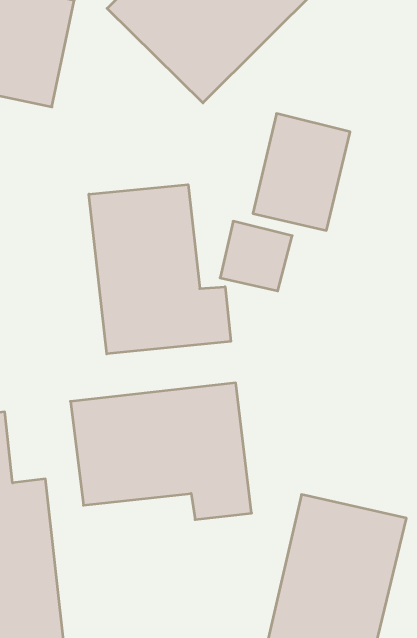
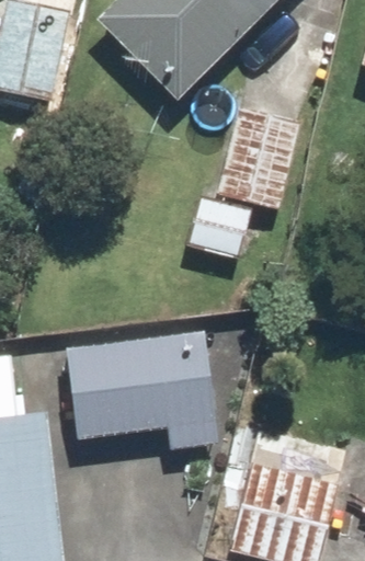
building: [89,185,231,354] -> none

